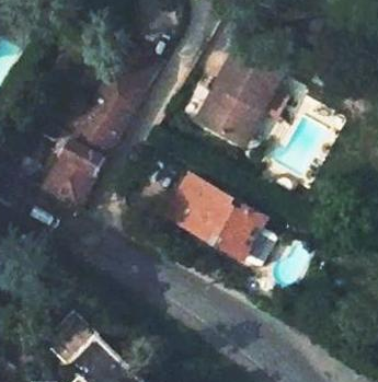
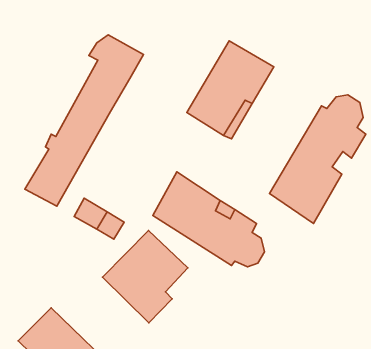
building: none -> [270,95,366,224]
building: none -> [103,231,188,323]

